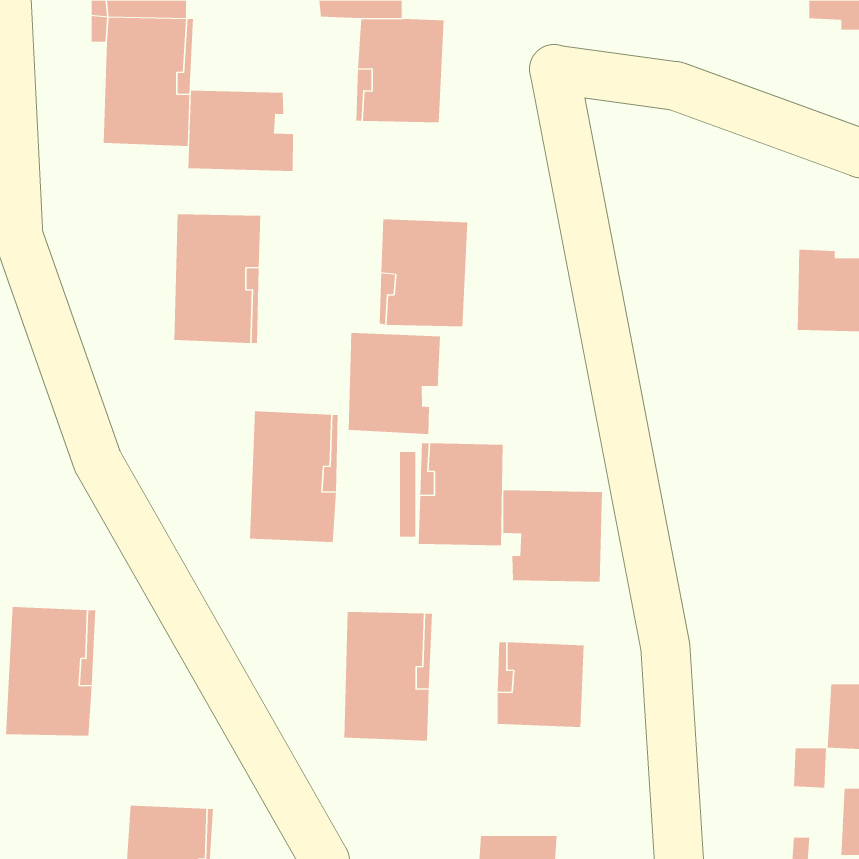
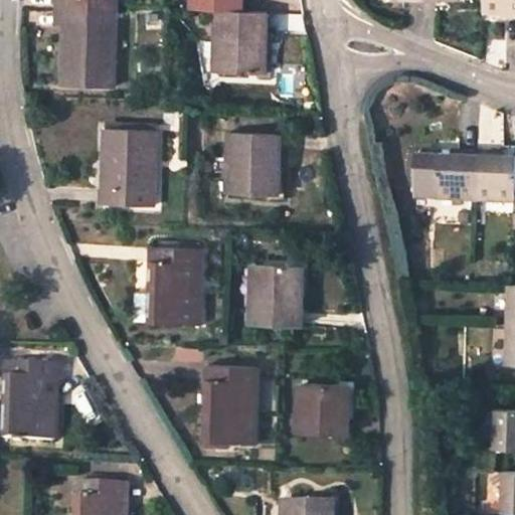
building: [188,90,293,172] -> none
building: none -> [414,150,478,198]
building: [348,332,441,435] -> none
building: [503,490,602,582] -> none

